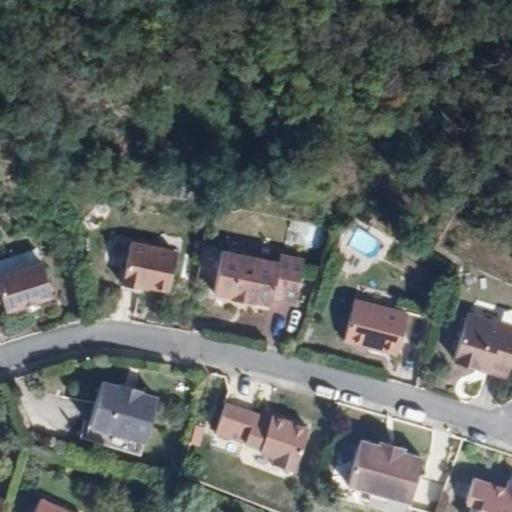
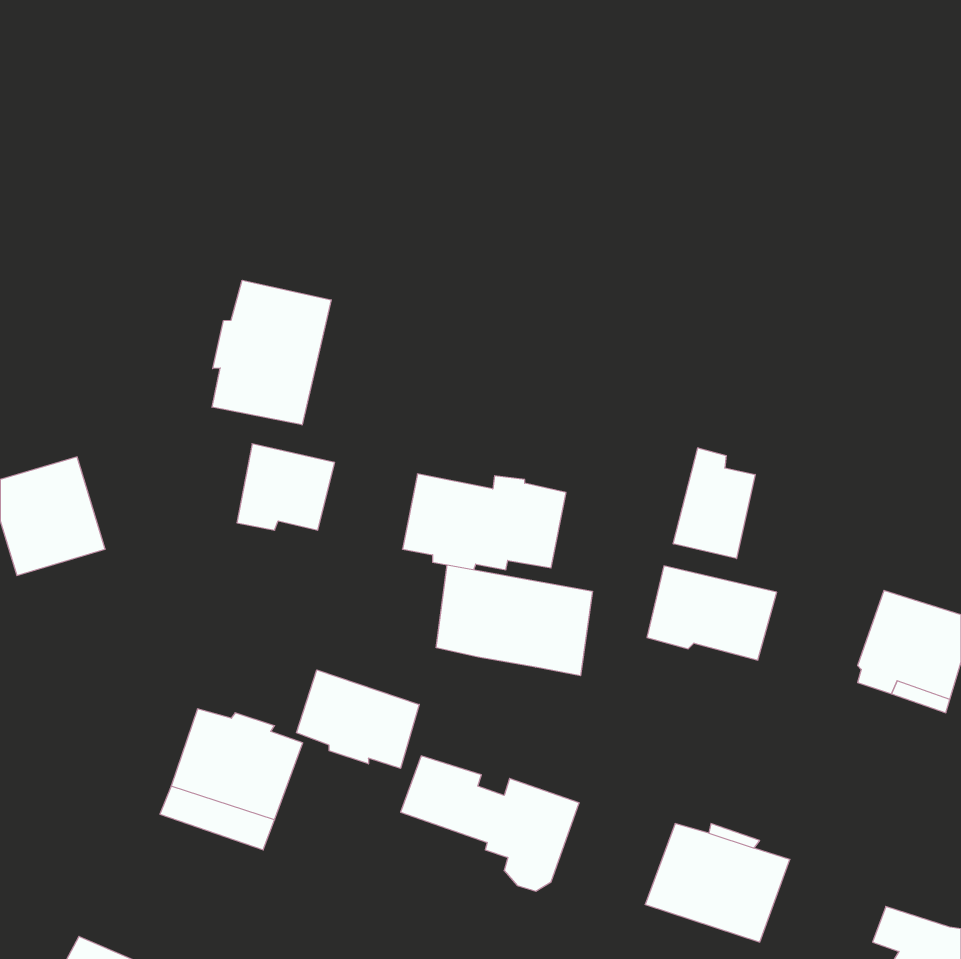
building: none -> [212,280,331,425]
building: none -> [673,448,755,559]
building: none -> [436,565,592,676]
building: none -> [297,670,419,768]

